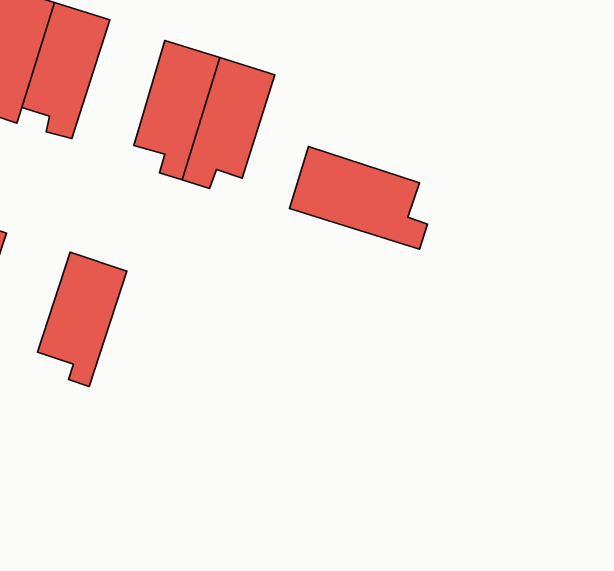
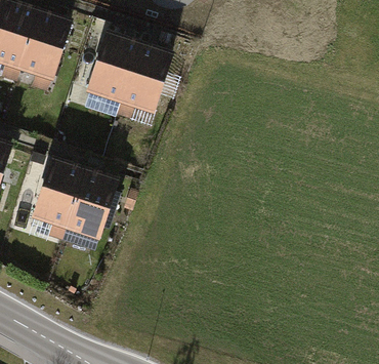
building: [289,146,427,249] -> none
building: none -> [60,170,117,243]

